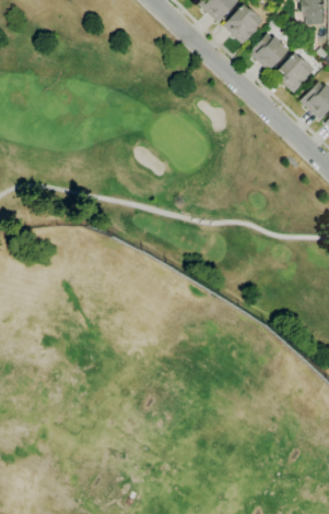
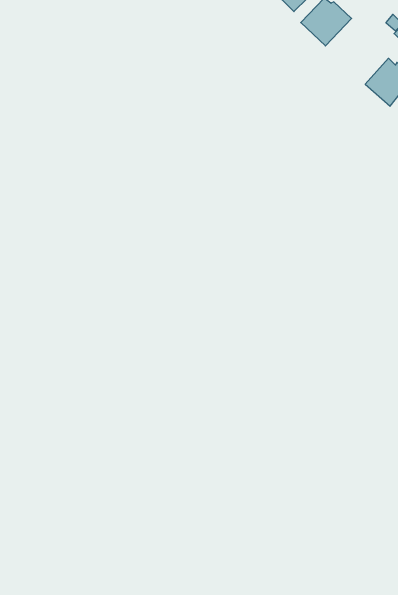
building: [275,52,315,93] -> none

